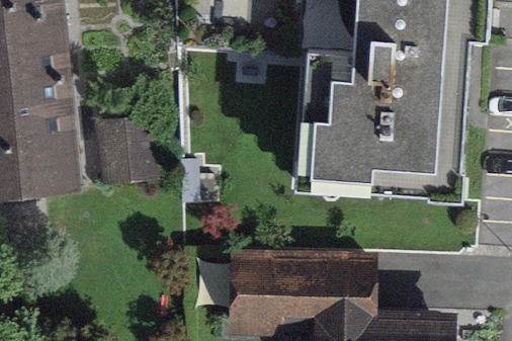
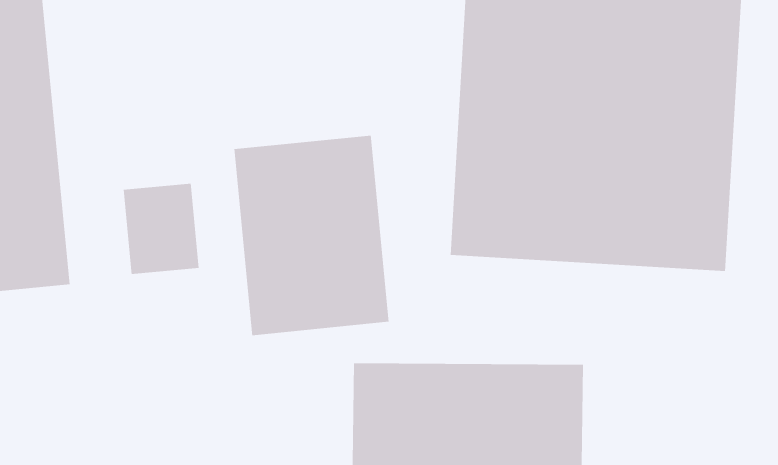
building: none -> [234,135,389,336]

